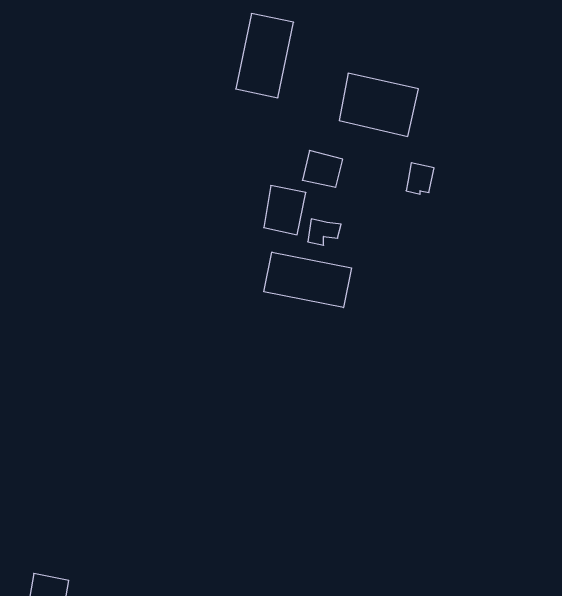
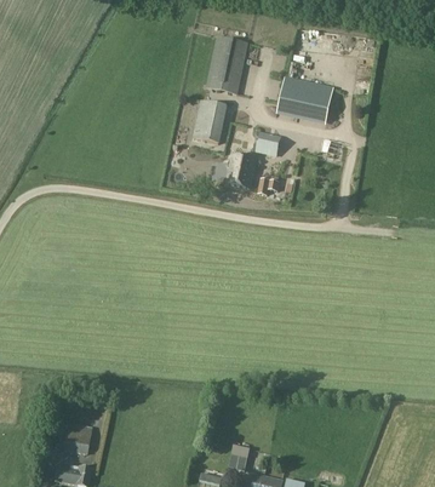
building: none -> [193,99,227,143]
building: [264,252,351,308] -> none

